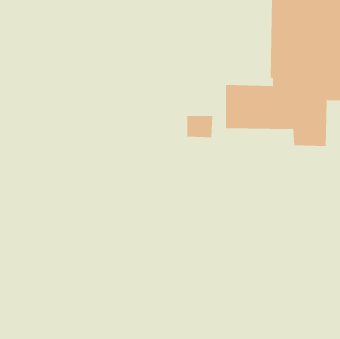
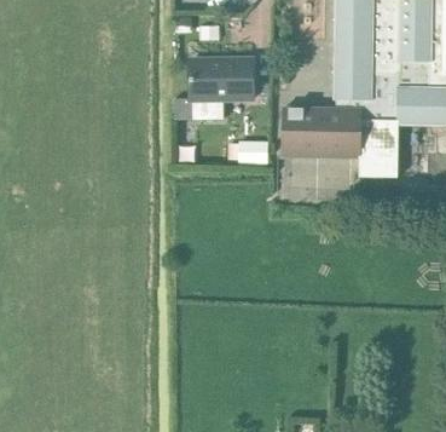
building: none -> [189,56,255,102]

